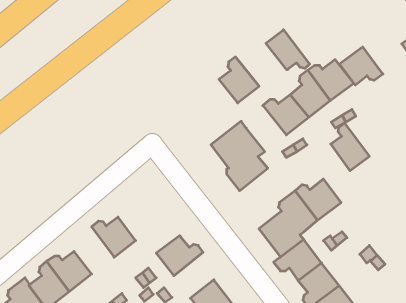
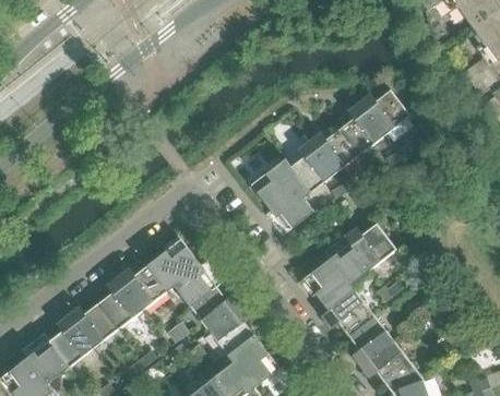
building: [266,30,310,70] -> none
building: [340,47,383,85] -> none
building: [219,57,259,103] -> [289,141,334,192]
building: [331,123,369,171] -> none
building: none -> [146,239,223,305]
building: none -> [97,276,142,328]
building: none -> [209,304,253,356]

